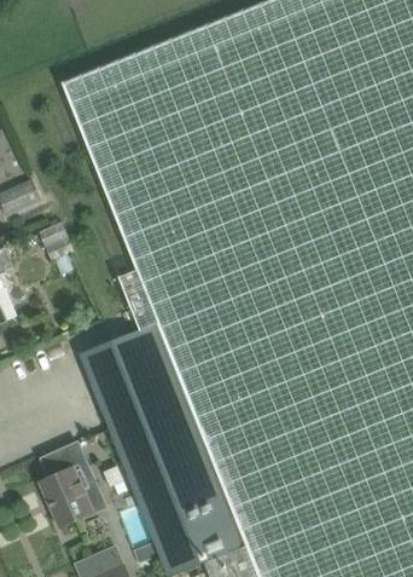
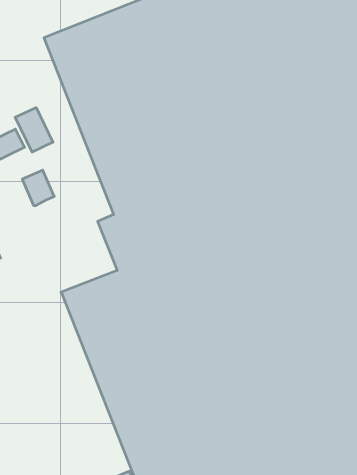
building: none -> [15,108,53,152]
building: [41,442,109,529] -> none

